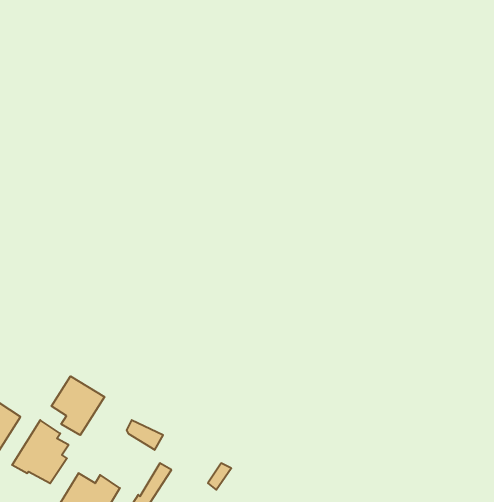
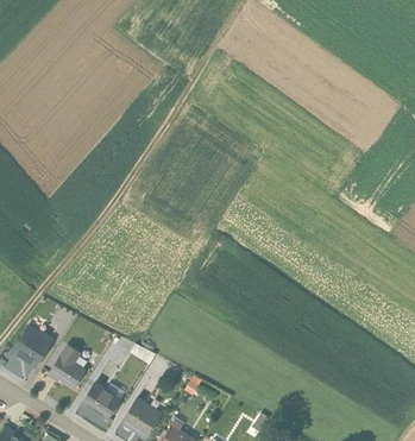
building: [52,376,104,435] -> none

